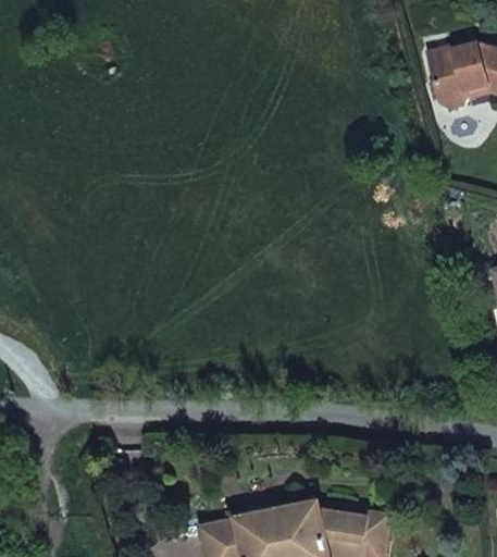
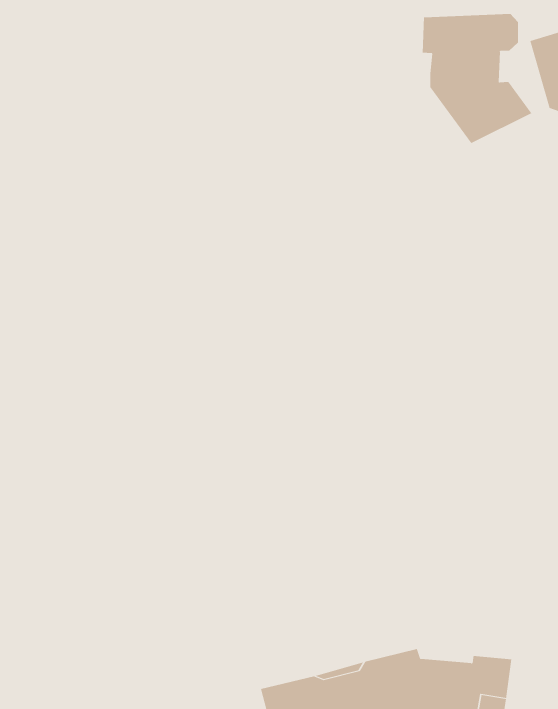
building: none -> [422,13,532,144]

